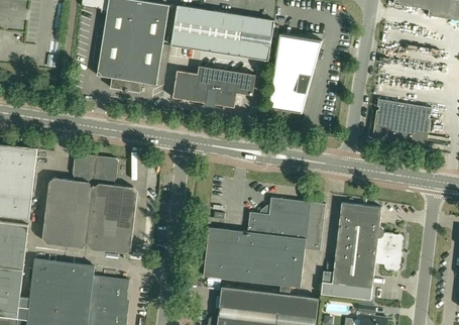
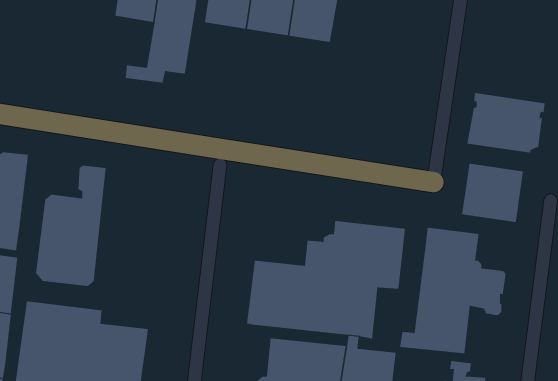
building: [267,33,322,113] -> none
building: [96,40,132,80] -> none
building: [173,66,255,107] -> none
building: none -> [462,163,524,223]
building: [87,156,137,252] -> none

